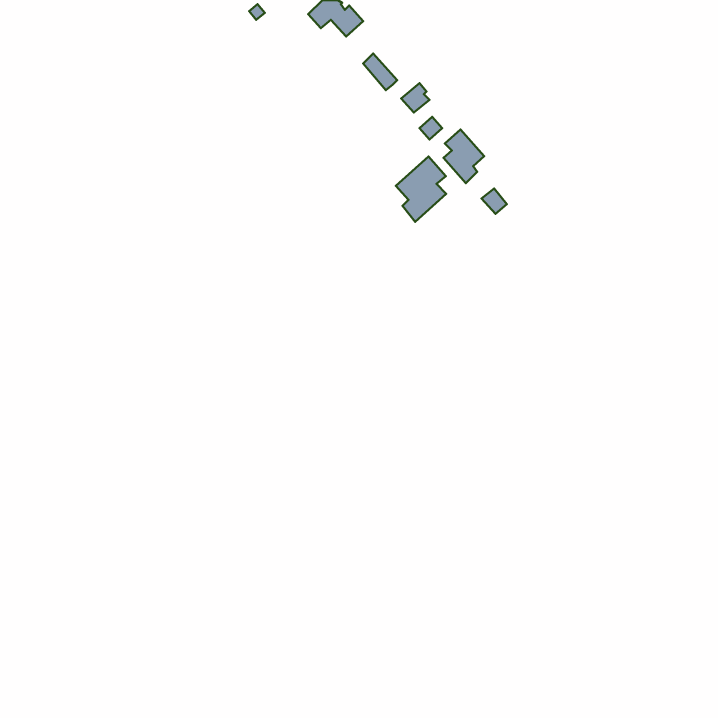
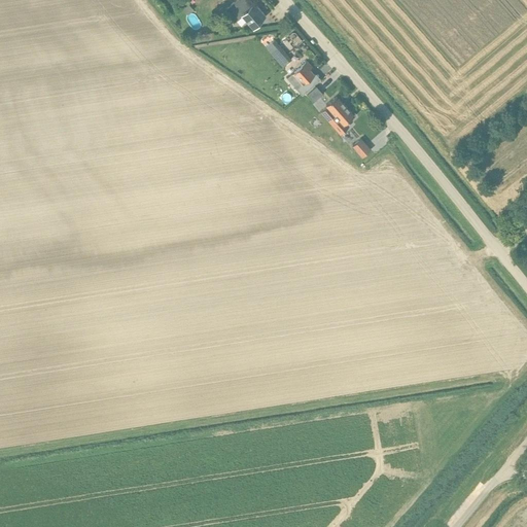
building: [396,156,446,222] -> none

